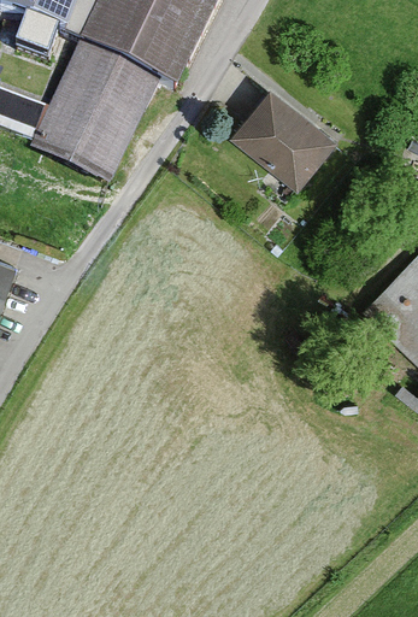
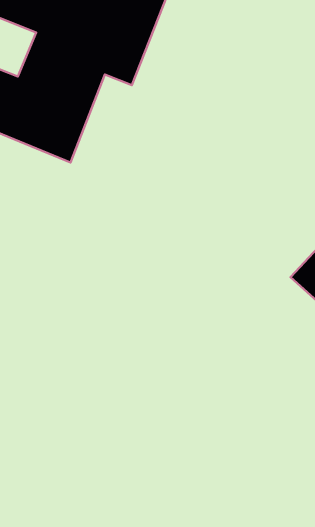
building: [225,87,338,194] -> none

